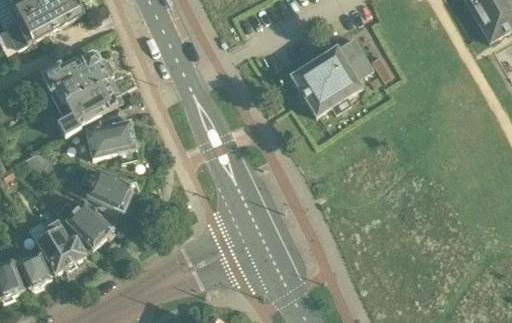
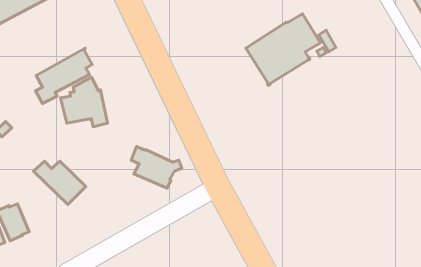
building: [40,54,113,106] -> none
building: [82,166,138,212] -> [131,147,182,188]
building: [27,219,86,273] -> none

